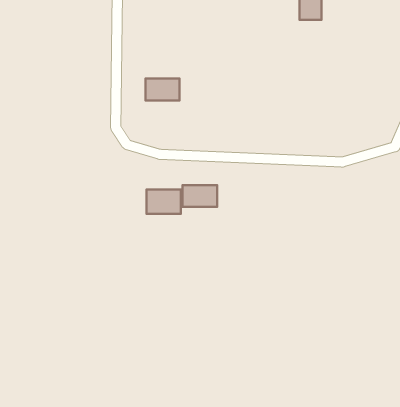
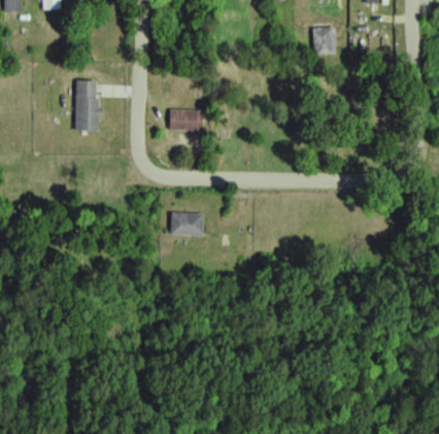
building: none -> [76,80,99,130]
building: [182,185,217,207] -> none

